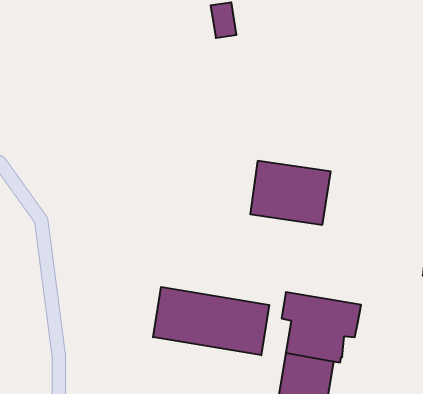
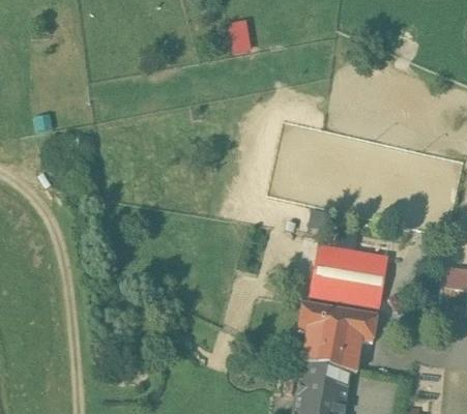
building: [250,161,331,225] -> [310,243,389,306]
building: [153,287,269,355] -> none

